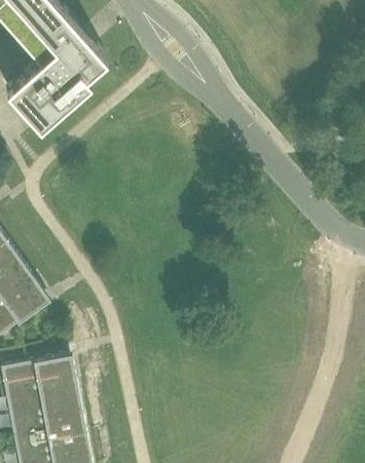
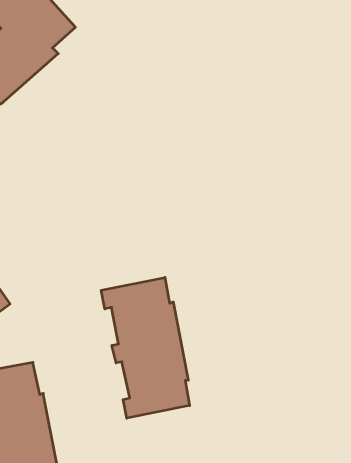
building: none -> [101,277,190,418]

